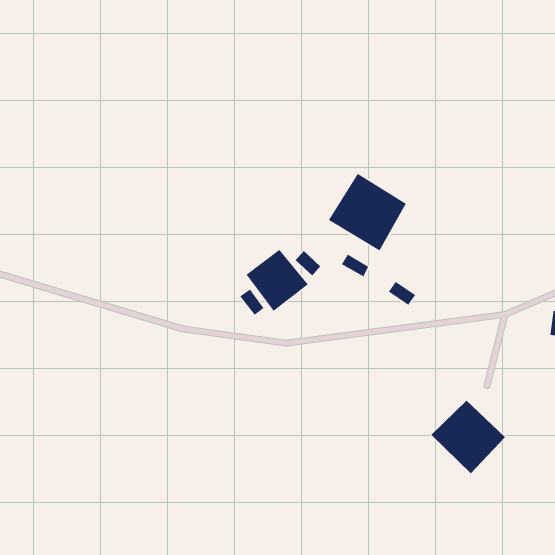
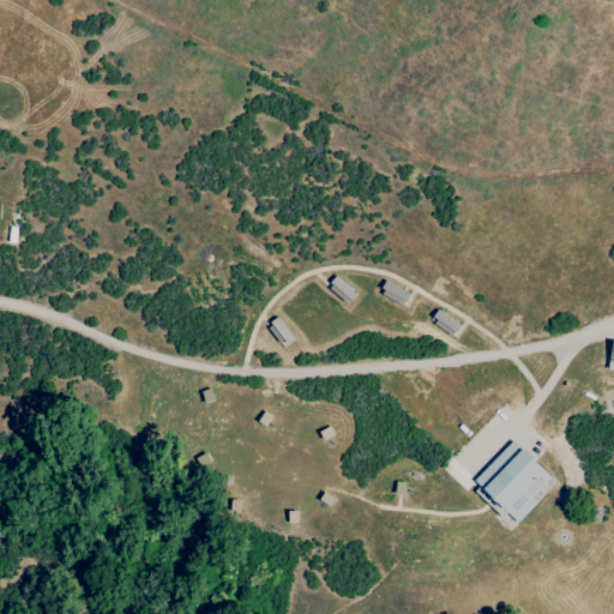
building: [328,173,407,252] -> none
building: [245,249,309,312] -> none

